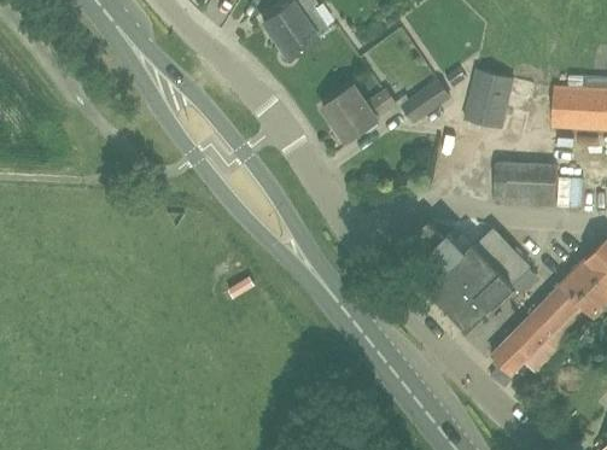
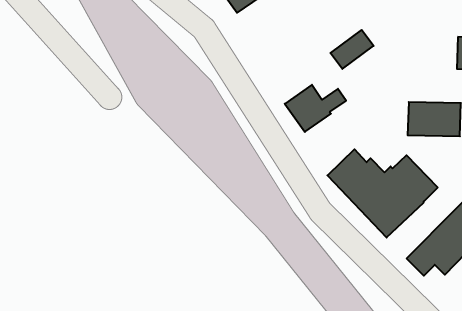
building: [463,66,514,128] -> none
building: [322,83,396,140] -> [285,85,346,132]

